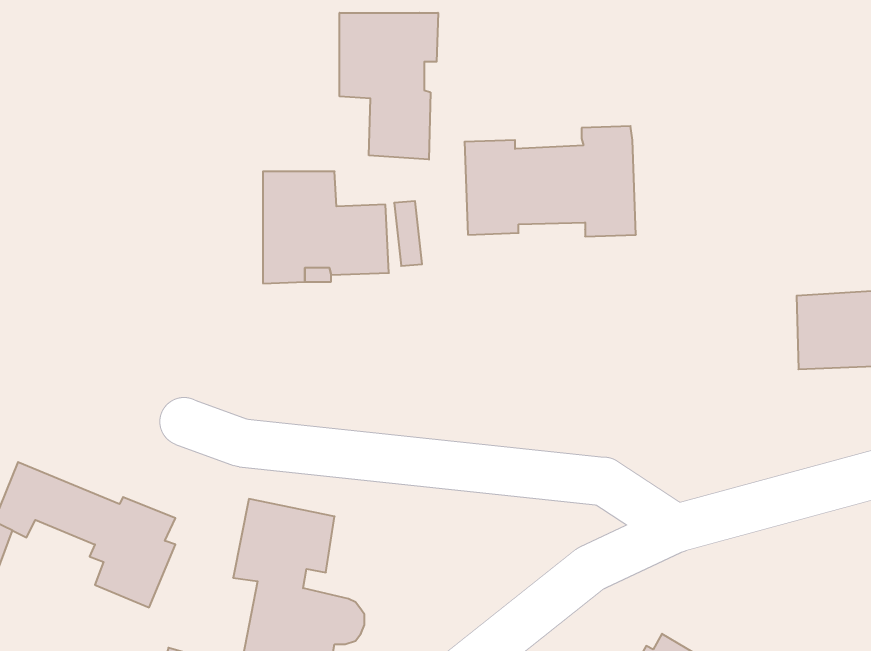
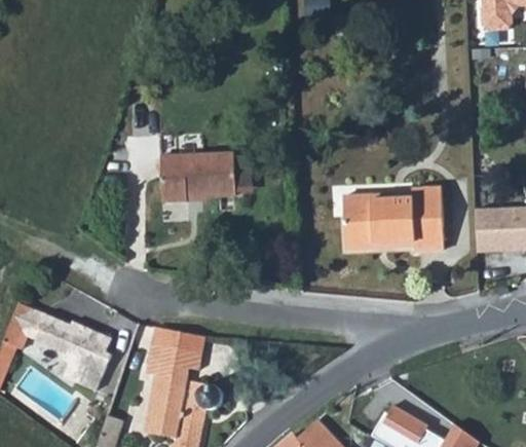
building: [340,13,438,160] -> none
building: [464,126,636,236] -> [343,186,444,251]

